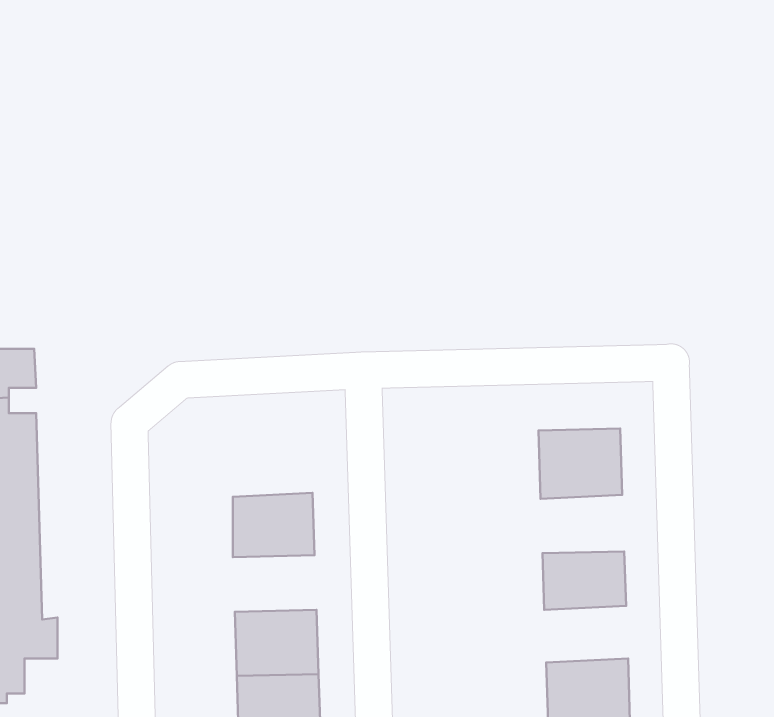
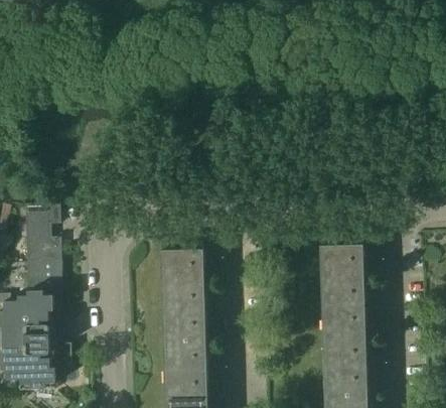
building: none -> [161,251,203,281]
building: none -> [321,280,364,310]
building: none -> [162,311,205,341]
building: none -> [323,337,366,367]

